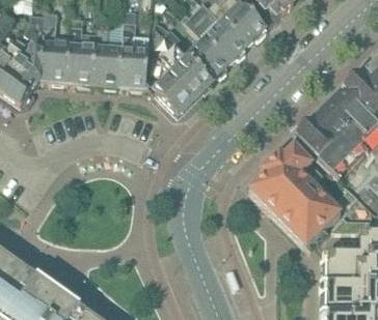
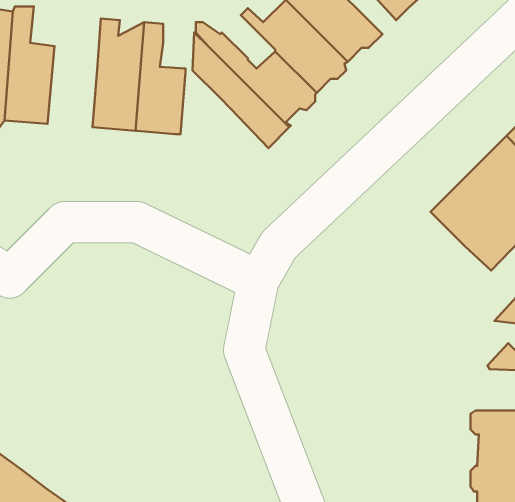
building: [64,18,95,85] -> none
building: [148,67,197,118] -> none
building: [248,145,340,251] -> none

